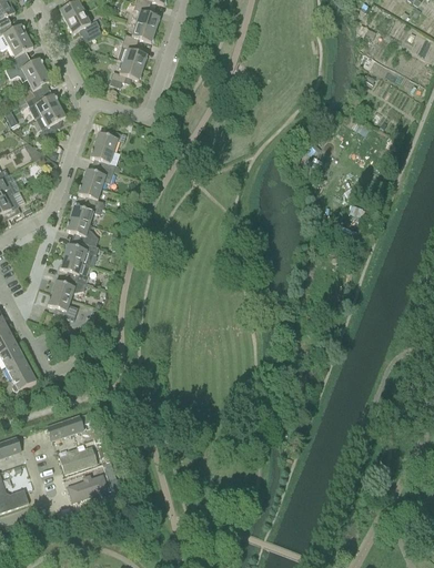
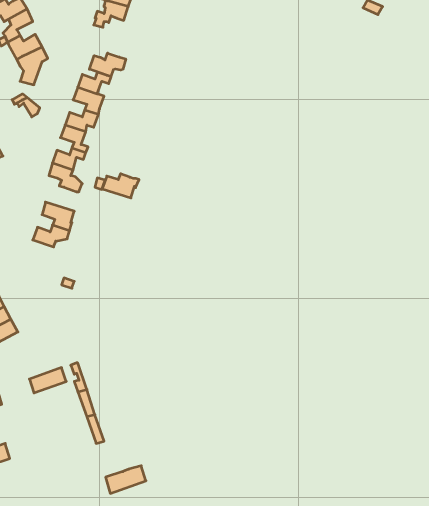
building: none -> [89,53,126,76]
building: [62,240,98,263] -> [102,174,139,198]
building: [47,291,77,318] -> none
building: [59,445,95,471] -> none
building: [68,474,107,500] -> [106,466,146,493]

